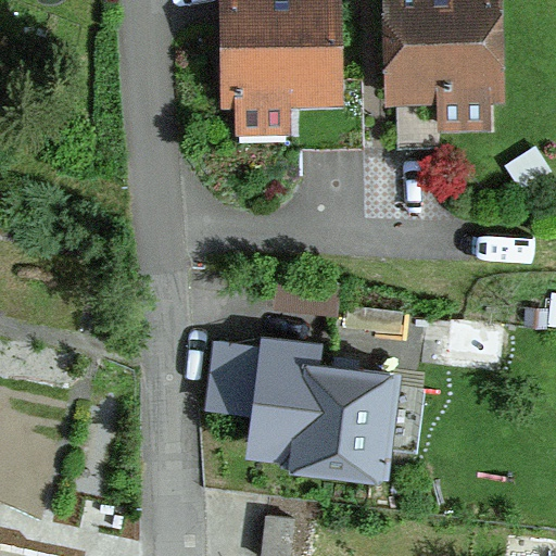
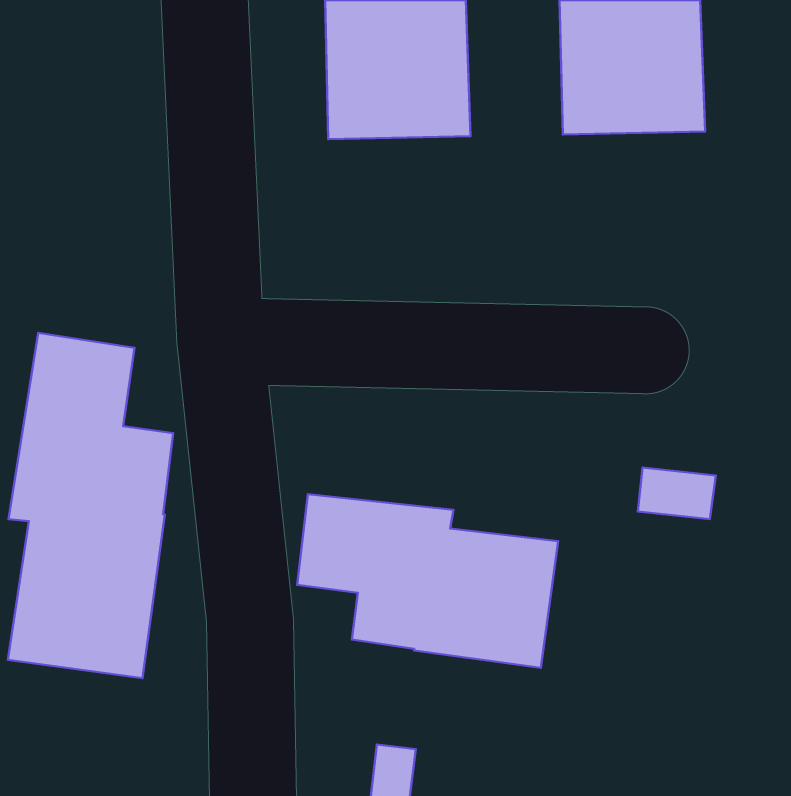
building: none -> [8,333,173,678]

